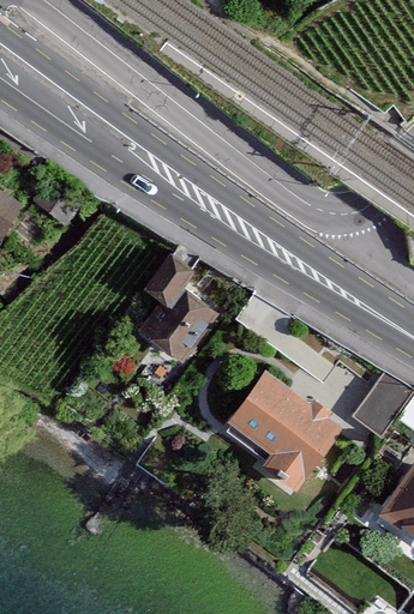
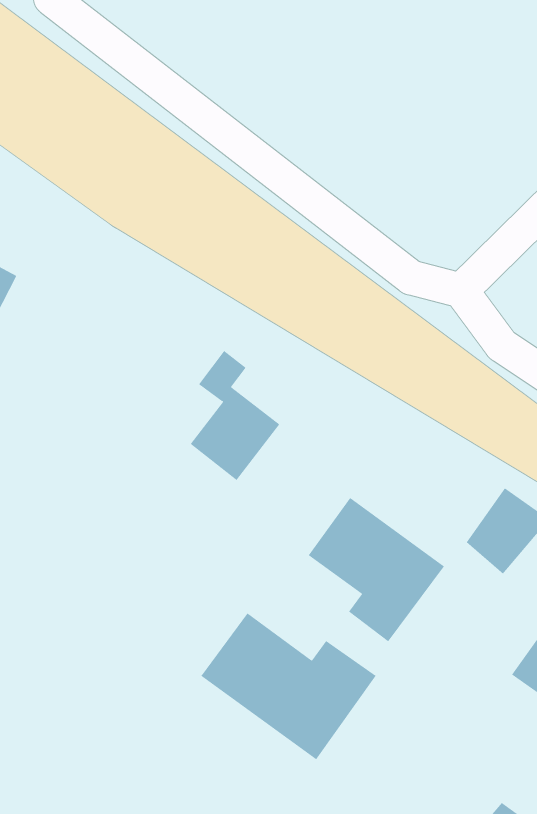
building: none -> [201,613,376,760]

